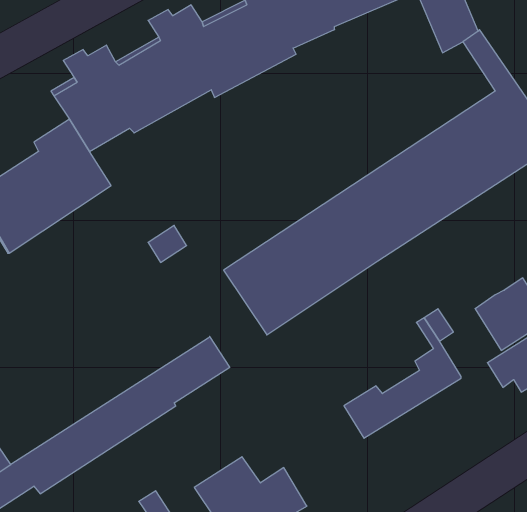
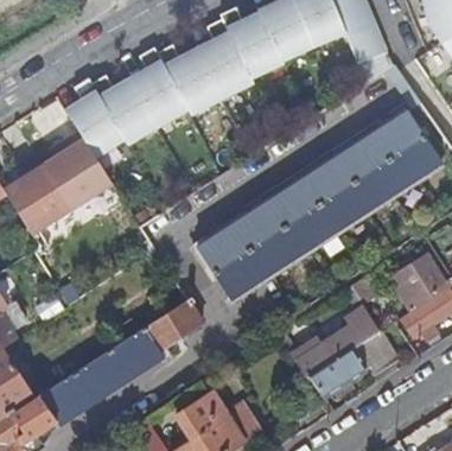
building: none -> [306,332,399,415]

